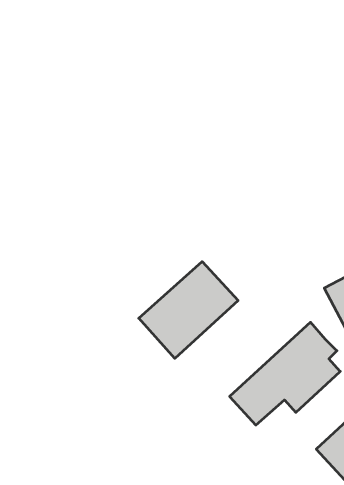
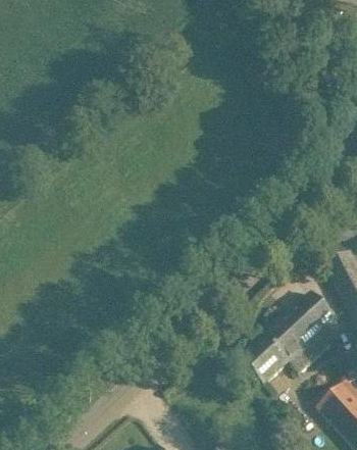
building: [139,262,238,358] -> none

